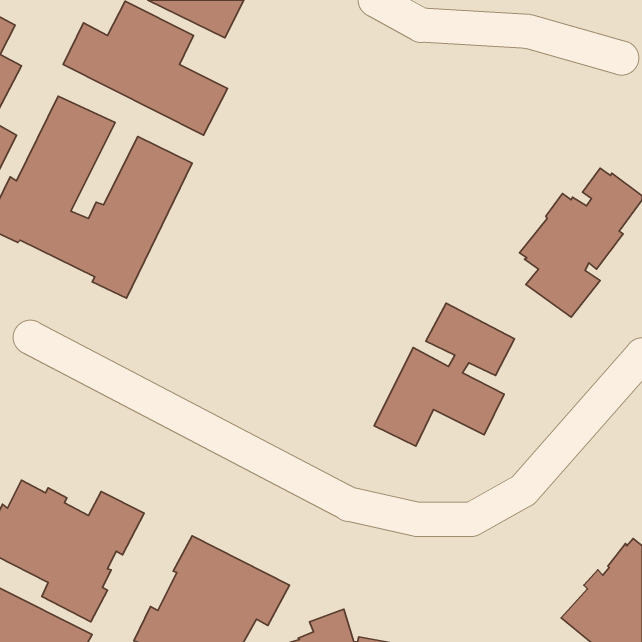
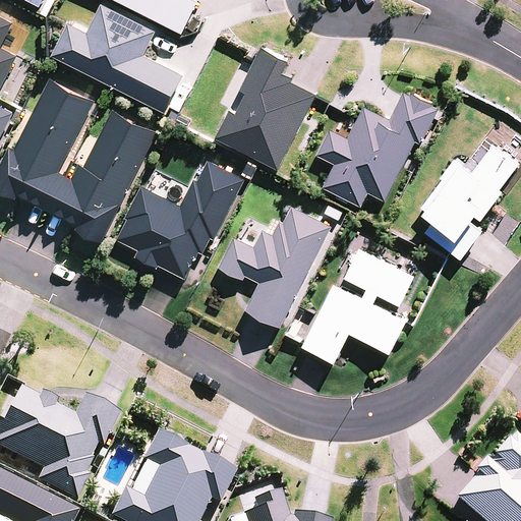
building: none -> [214,47,316,170]
building: none -> [315,92,439,208]
building: none -> [116,162,244,279]
building: none -> [218,207,331,328]

